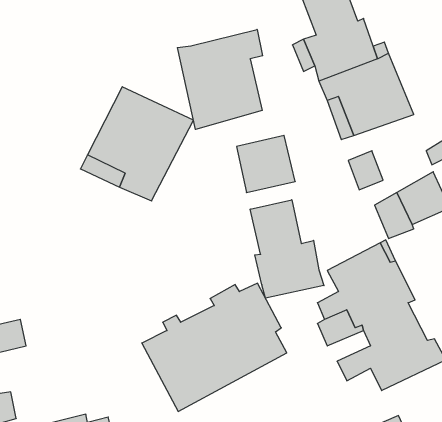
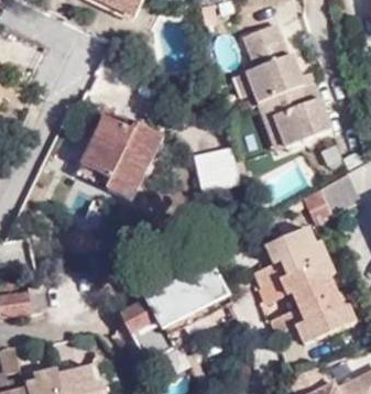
building: [177,29,263,129] -> none
building: [250,200,324,298] -> none

